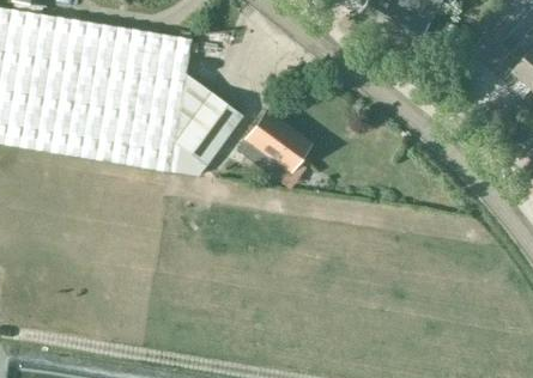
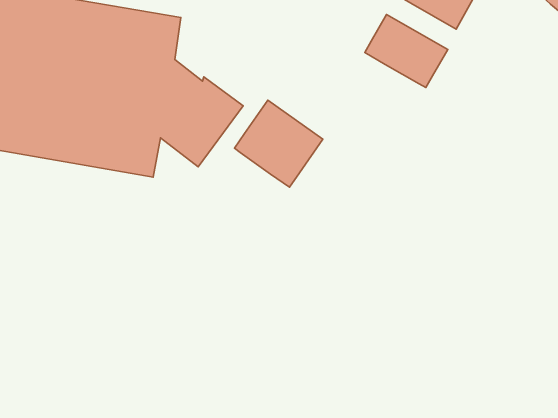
building: none -> [365,15,448,87]

